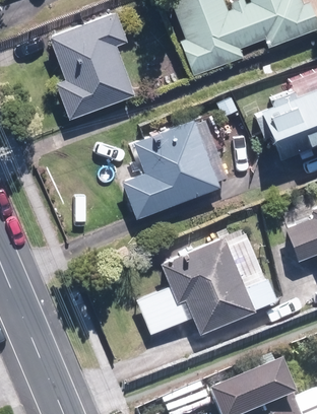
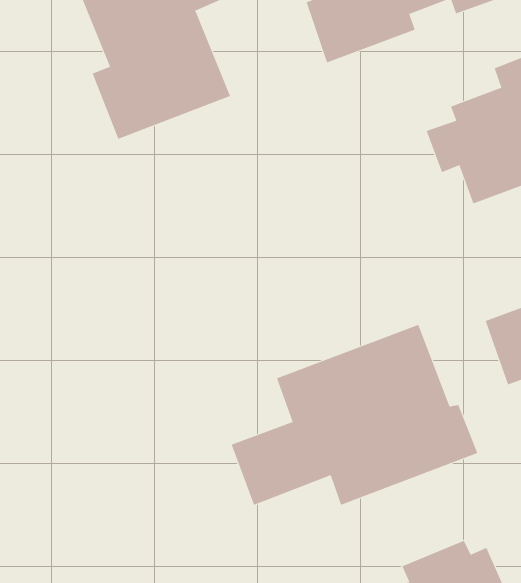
building: [121,115,227,219] -> none

